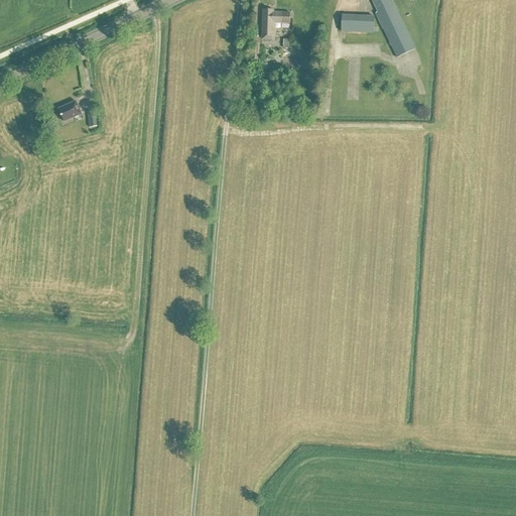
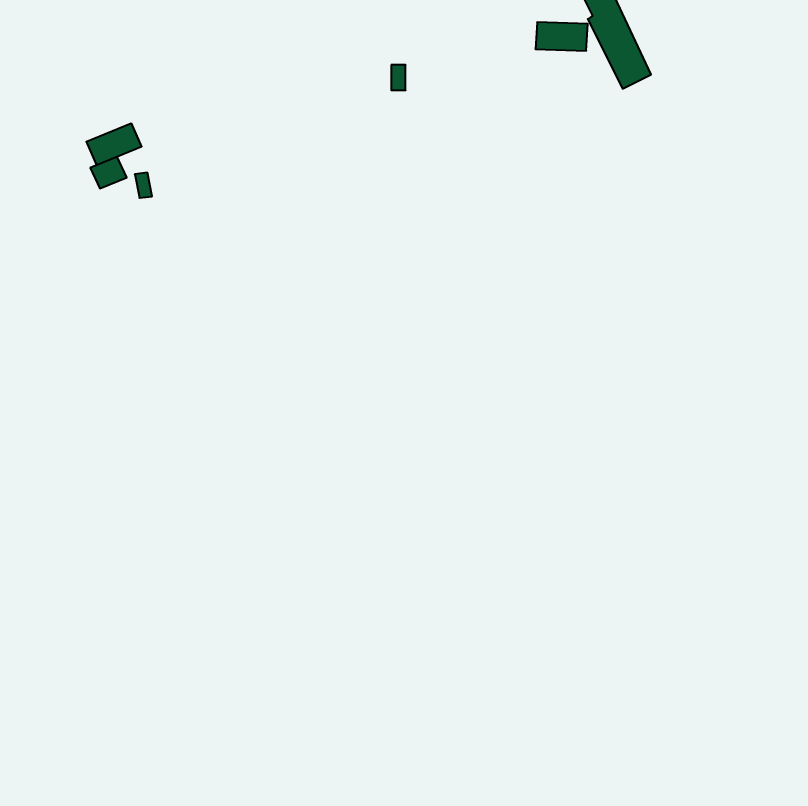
building: [261,8,289,38] -> none
building: none -> [86,123,142,165]

